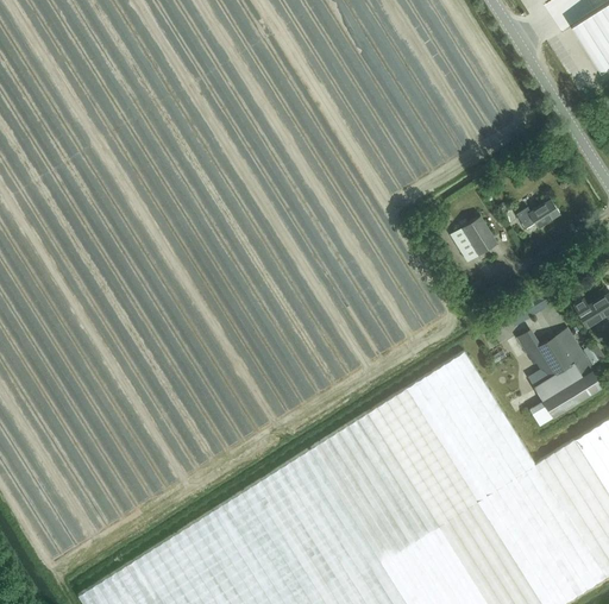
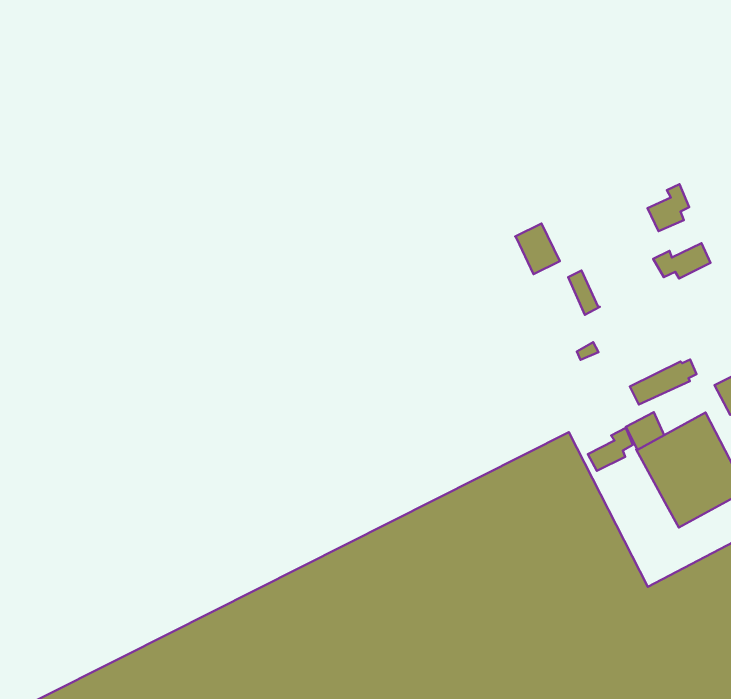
building: none -> [647,184,689,231]
building: [462,216,497,256] -> [515,223,560,274]
building: none -> [588,428,633,471]

